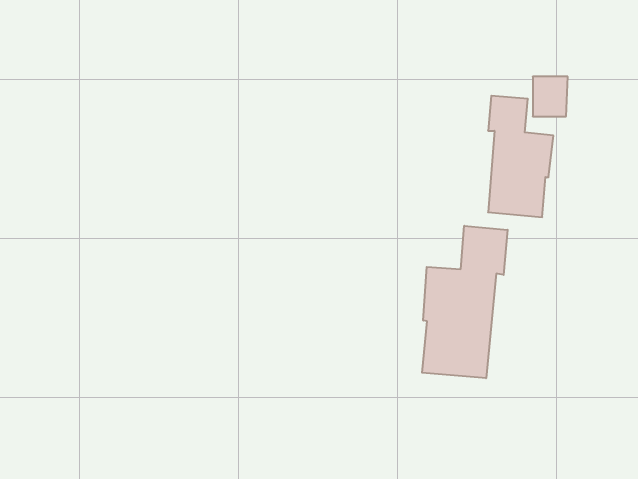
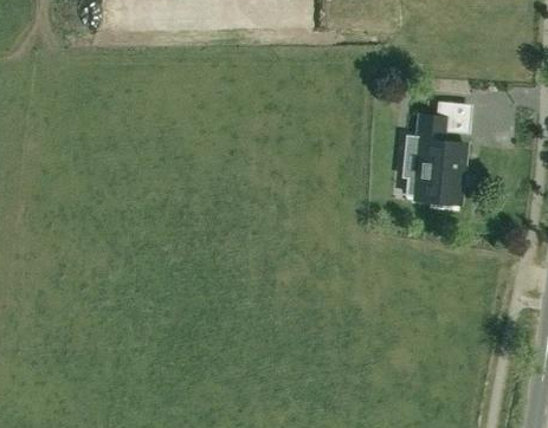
building: [422,226,508,378] -> none

